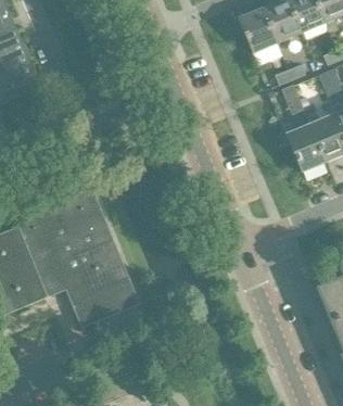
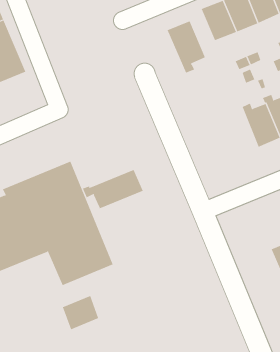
building: none -> [167,21,206,73]
building: none -> [82,169,144,209]
building: none -> [62,295,99,330]

